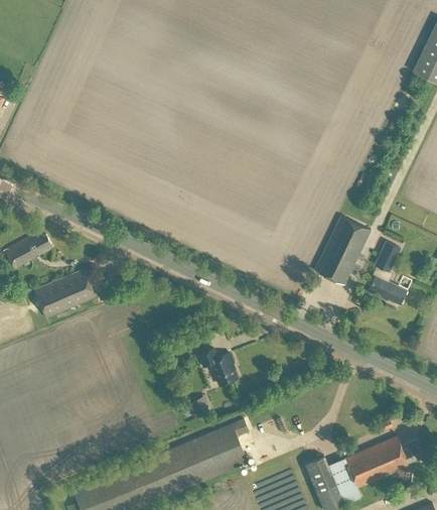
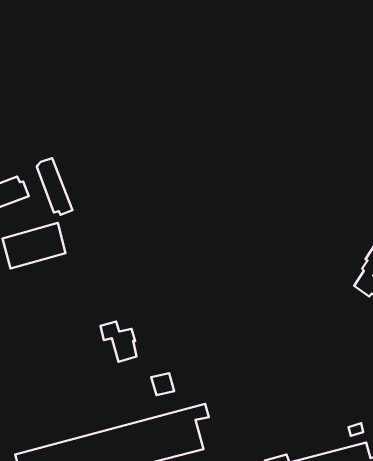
building: none -> [37,158,72,215]
building: [313,215,370,284] -> none
building: [198,348,236,385] -> [100,321,136,362]

